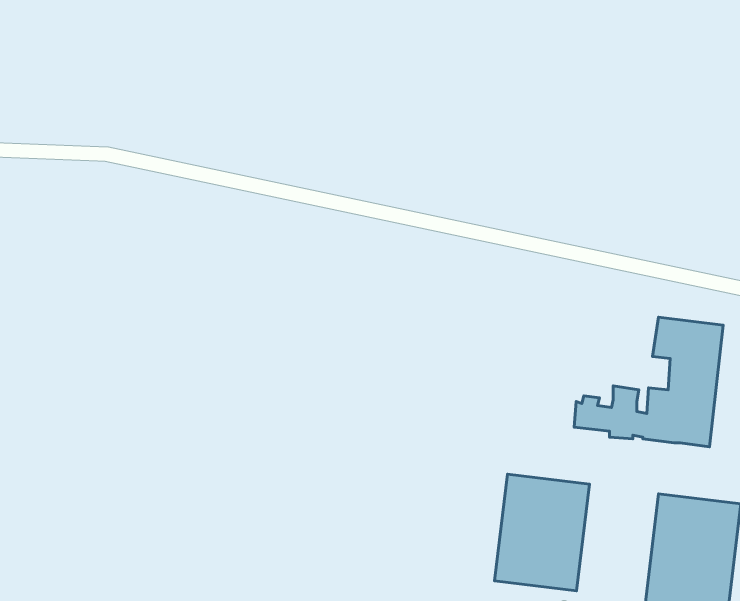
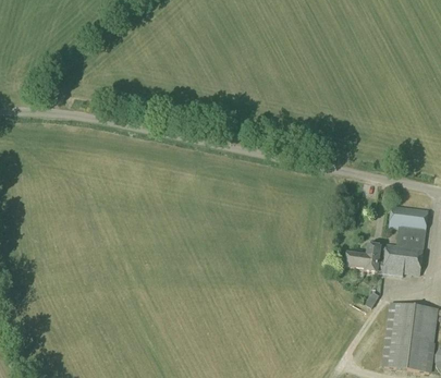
building: [494,474,589,591] -> none

